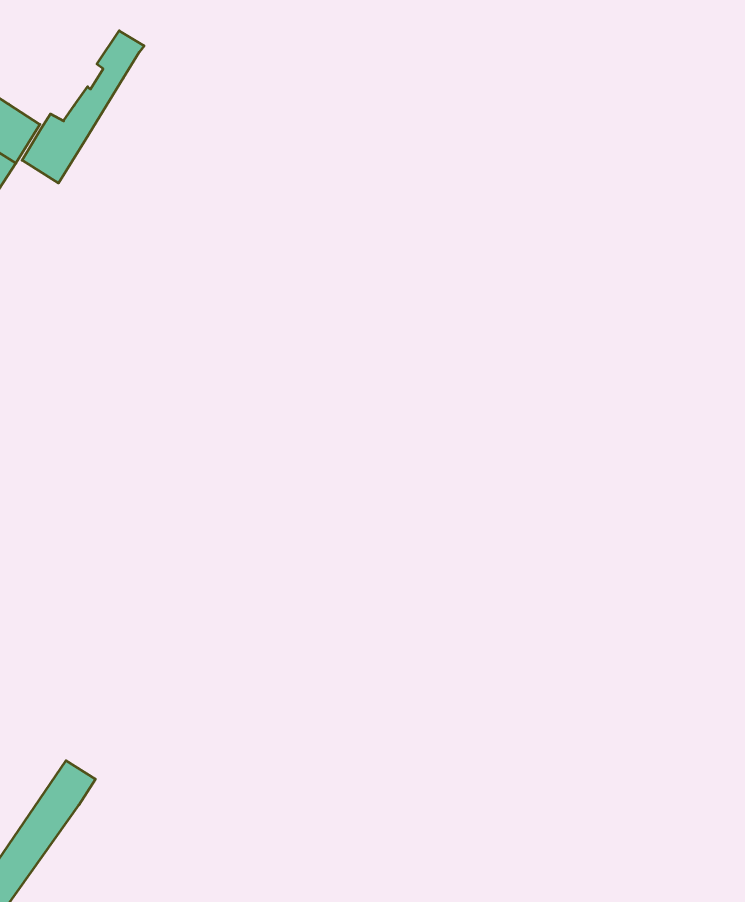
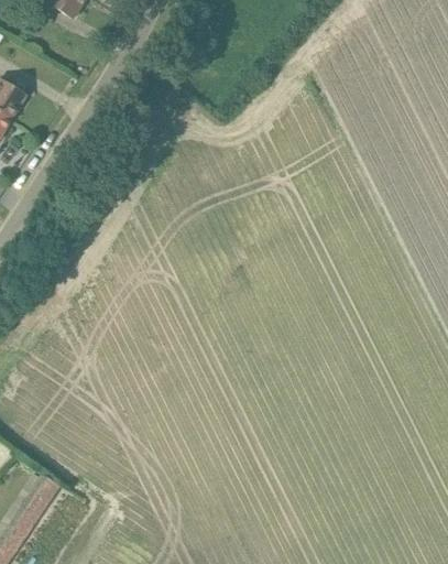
building: [22,31,144,183] -> none

